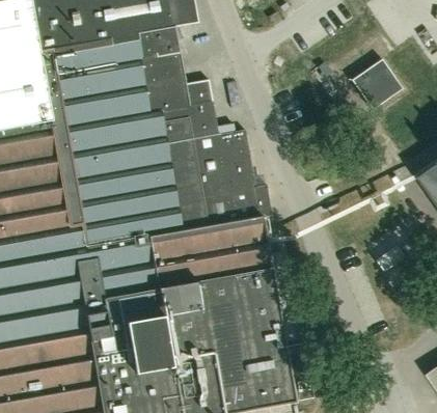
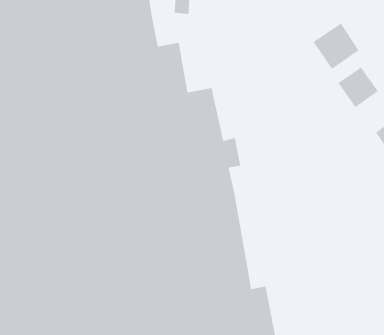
building: none -> [338,67,379,108]

